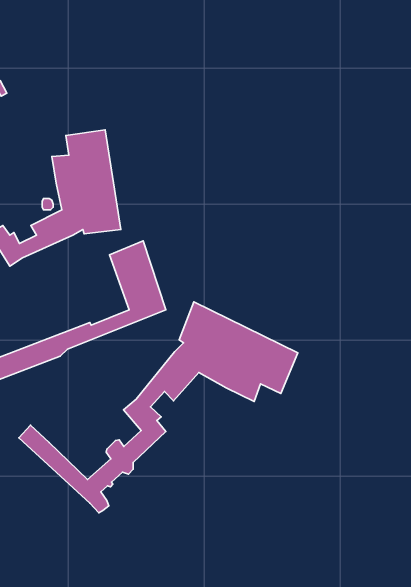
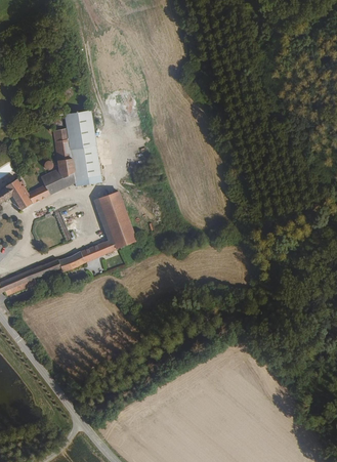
building: [19,302,298,513] -> none

